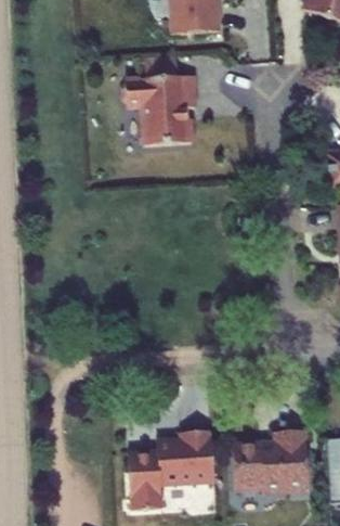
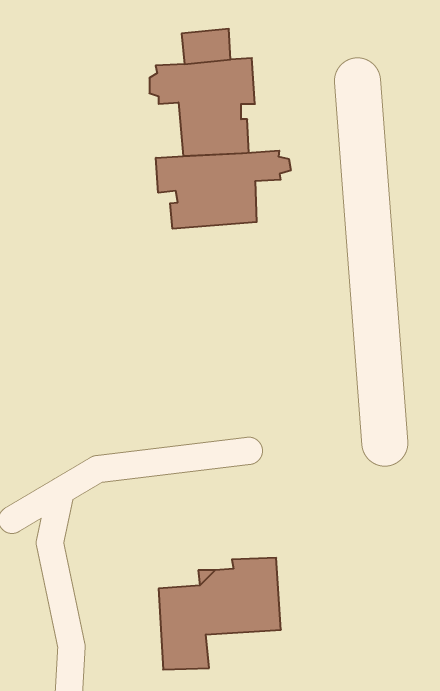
building: none -> [156,151,291,229]
building: [232,431,309,493] -> none

